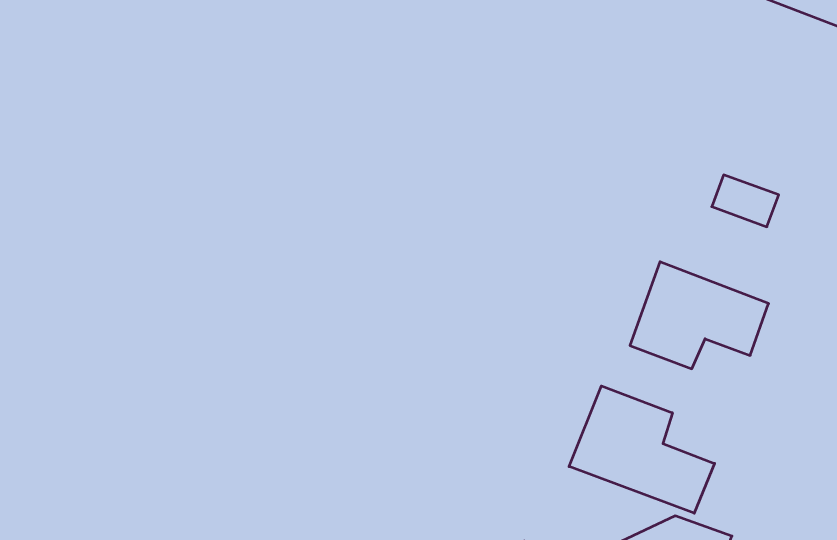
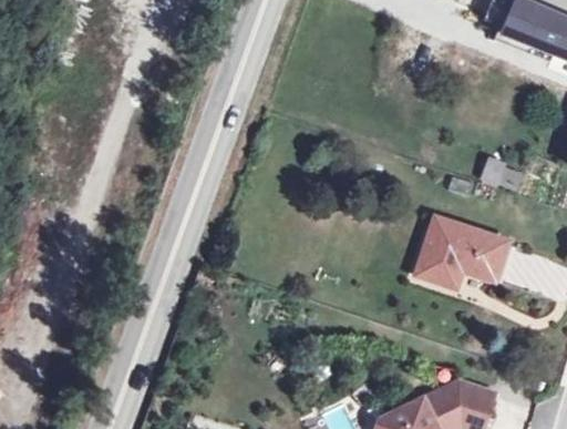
building: [569,386,715,513] -> none

